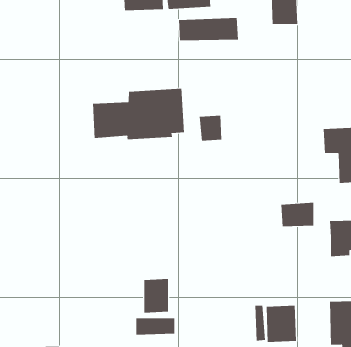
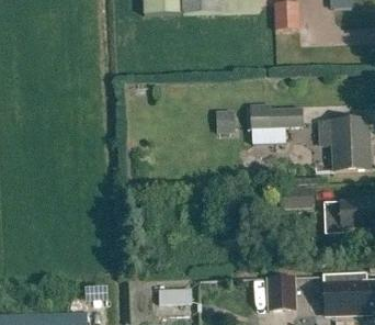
building: [178,17,239,41] -> [249,108,303,128]
building: [92,88,184,140] -> none
building: [144,278,169,313] -> none

